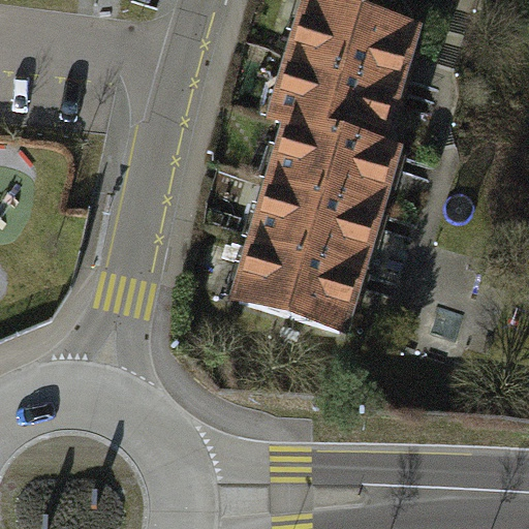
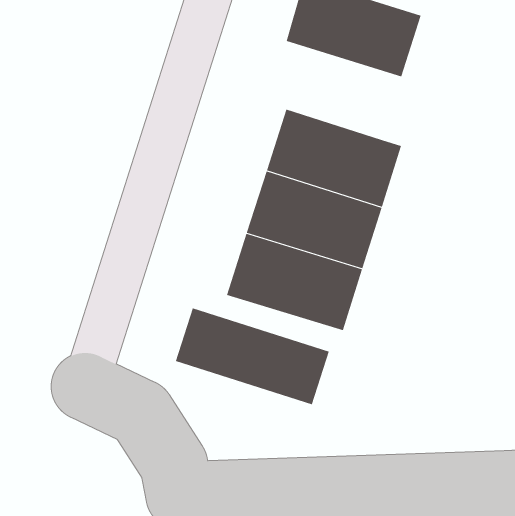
building: [267,41,404,141] -> none
building: none -> [175,308,329,405]

